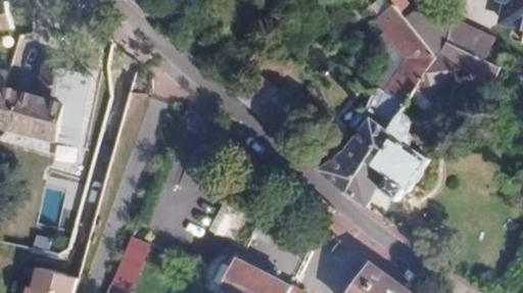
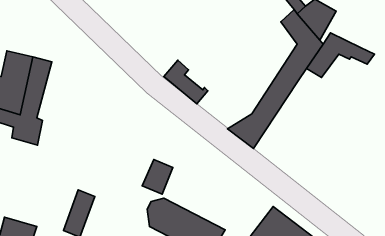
building: [428,15,490,60] -> none
building: [346,101,432,200] -> none

